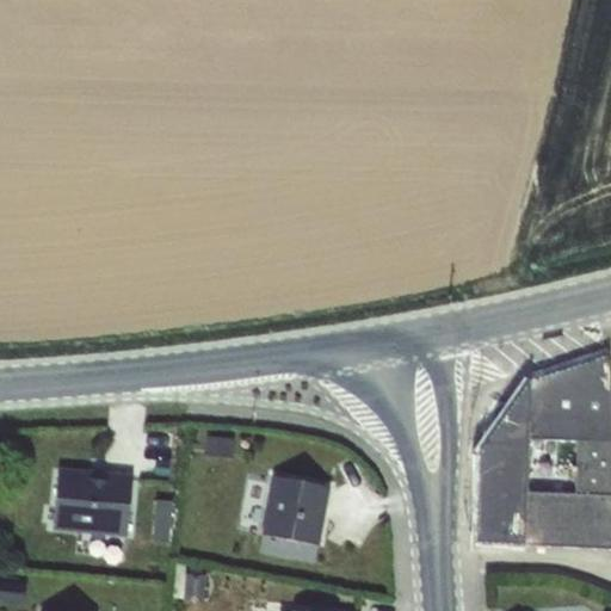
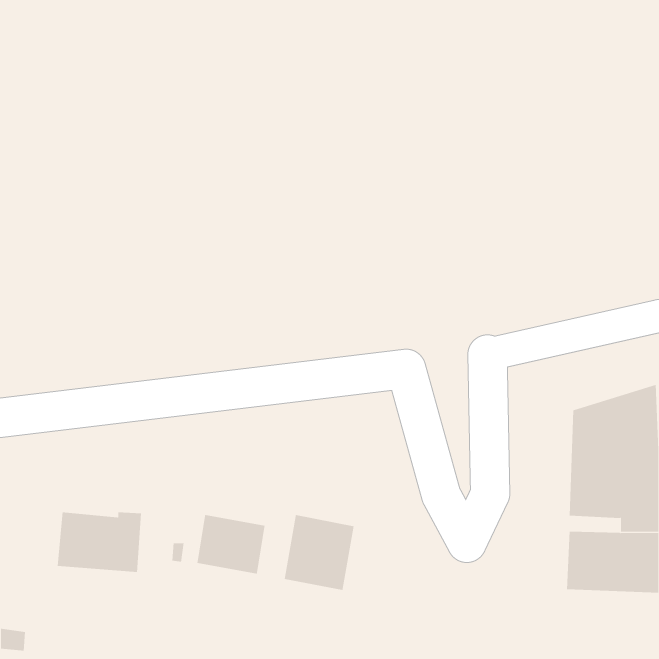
building: [474,379,530,545] -> none
building: none -> [197,514,265,574]

